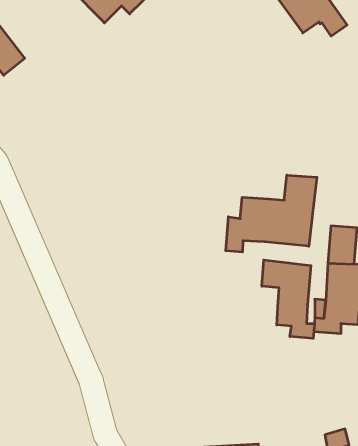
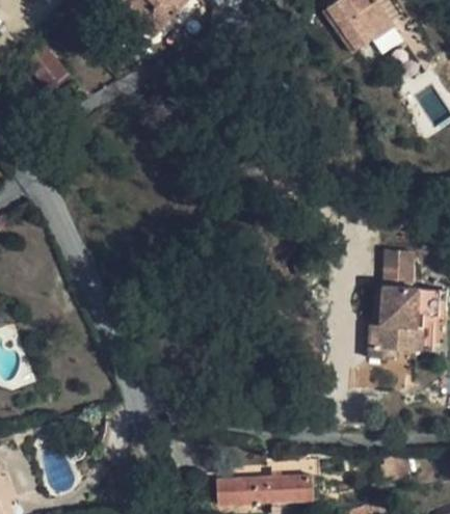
building: [226,175,317,252] -> none
building: [262,260,314,338] -> none

